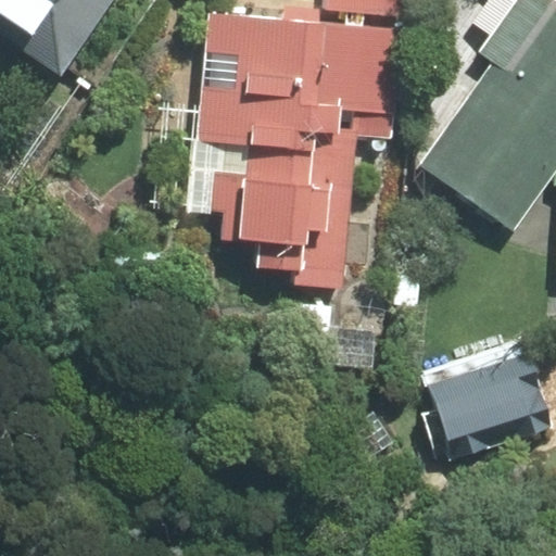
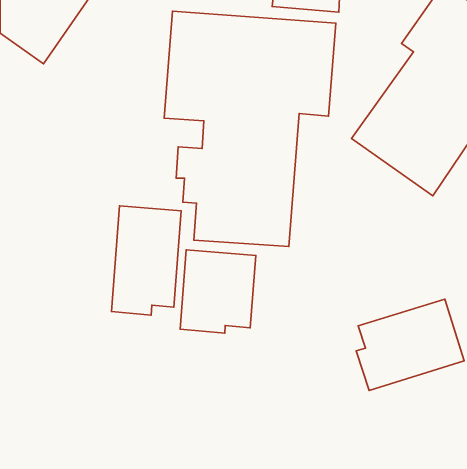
building: none -> [111,206,181,315]
building: none -> [180,250,256,333]

